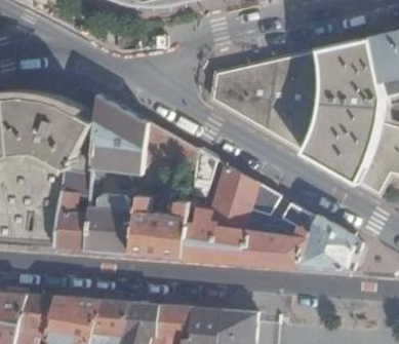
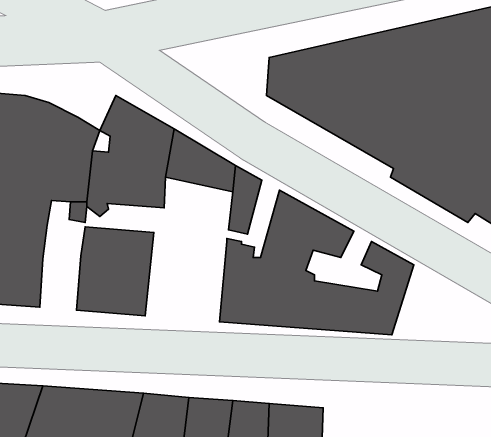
building: [59,190,88,250] -> none
building: [133,195,191,258] -> none
building: [307,218,365,271] -> none

